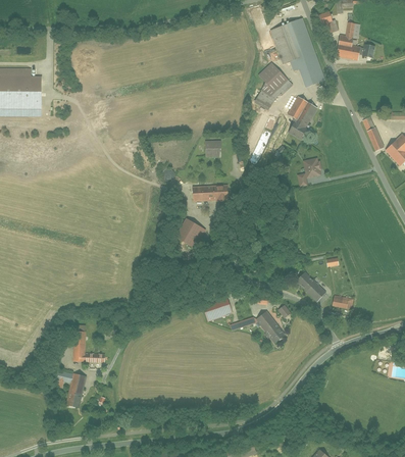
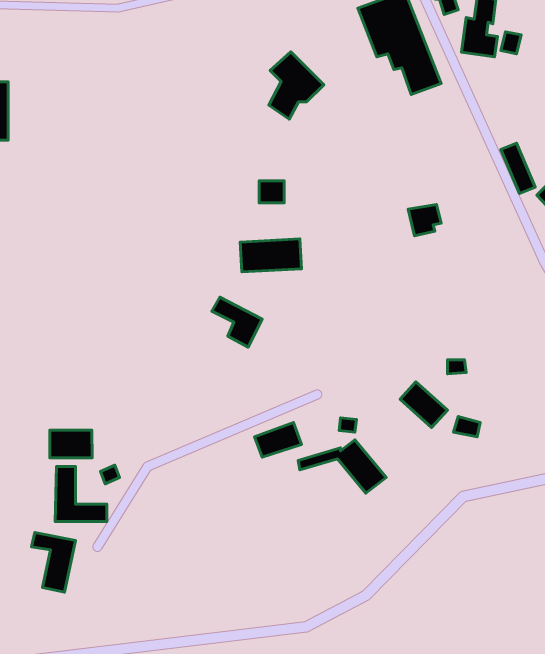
building: [256,63,292,107] -> [269,52,324,119]
building: [287,97,317,141] -> none
building: none -> [50,430,92,458]

